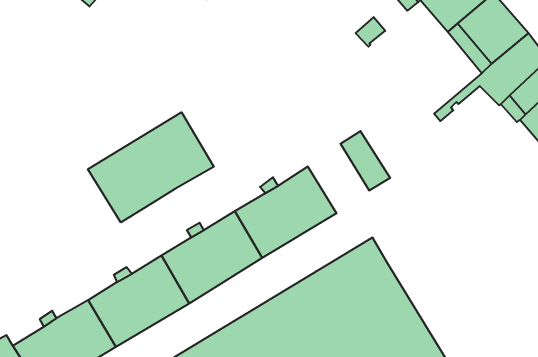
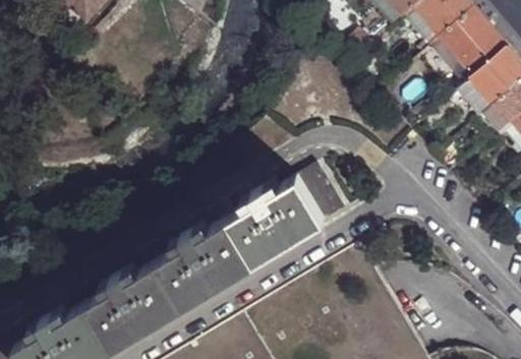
building: [88,112,214,222] -> none
building: [340,131,390,190] -> [299,162,347,219]

